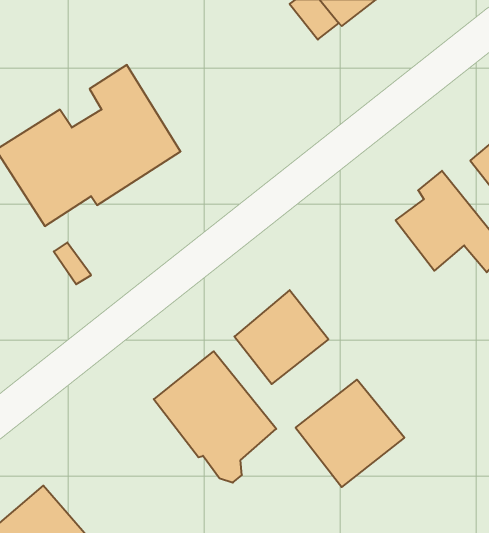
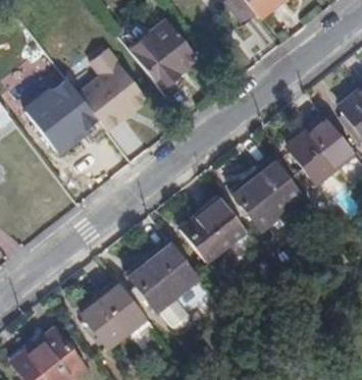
building: none -> [125,21,195,91]
building: [296,380,404,487] -> [231,158,306,231]
building: none -> [82,283,147,350]

